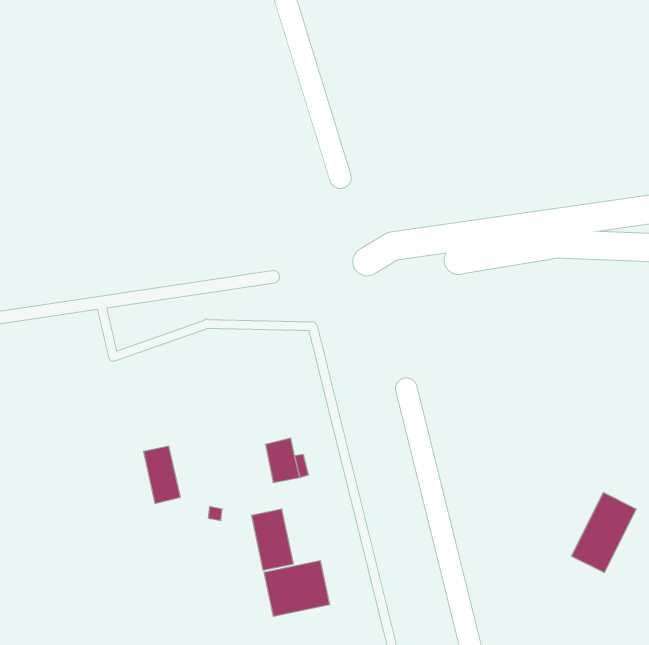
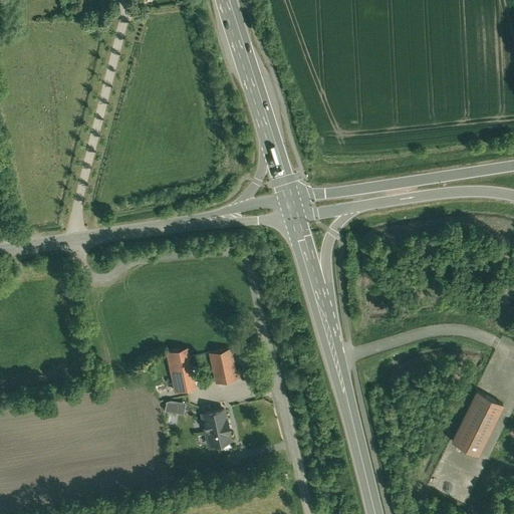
building: [144,446,180,503] -> [167,348,196,394]
building: [264,560,329,616] -> none

